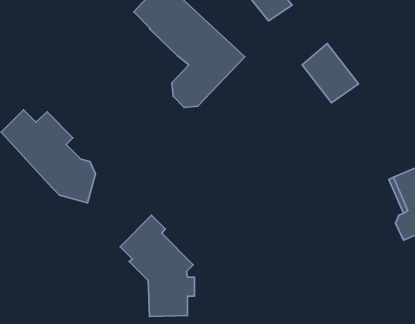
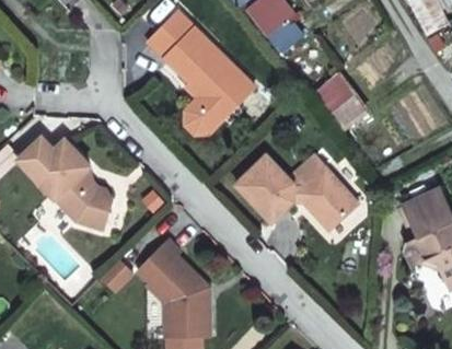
building: none -> [236,153,358,220]

